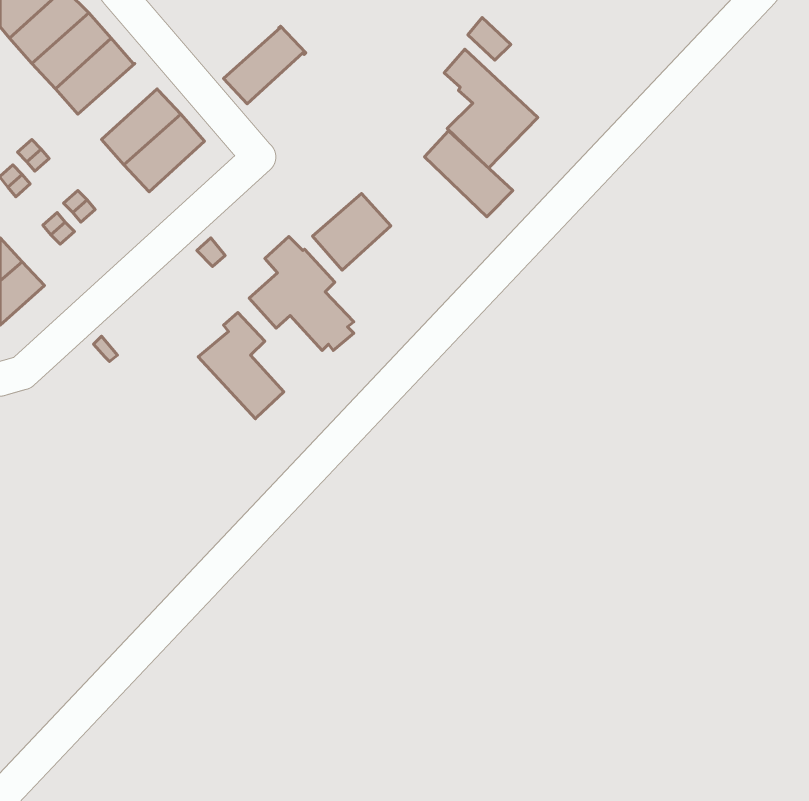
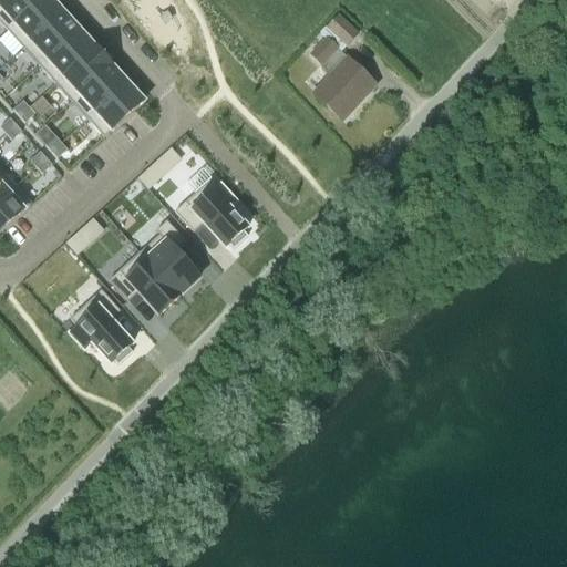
building: [223,26,306,104] -> [55,43,113,97]
building: [425,131,513,217] -> none
building: [312,194,391,270] -> none
building: none -> [110,249,181,312]
building: none -> [70,287,133,361]

